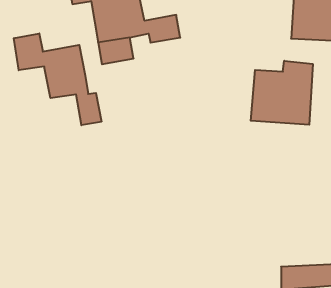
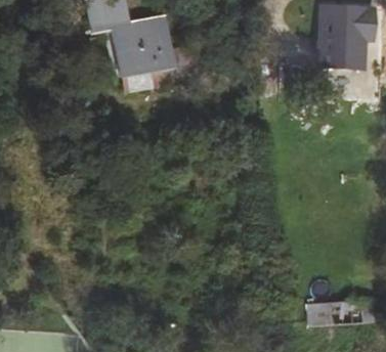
building: [14,33,101,125] -> none
building: [251,61,313,125] -> none

